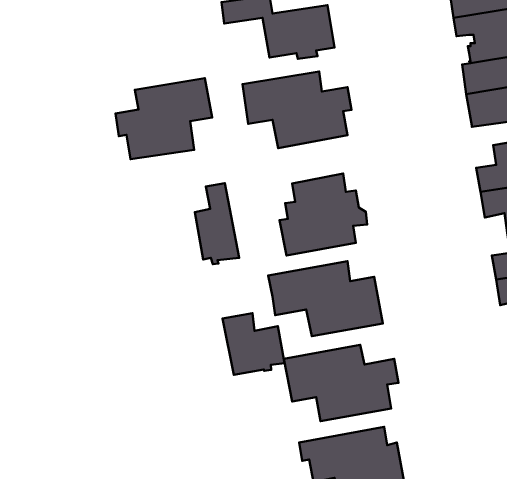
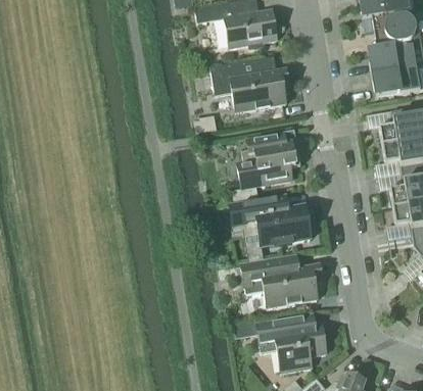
building: [115,78,212,159] -> none
building: [195,183,239,264] -> none
building: [223,313,284,375] -> none

